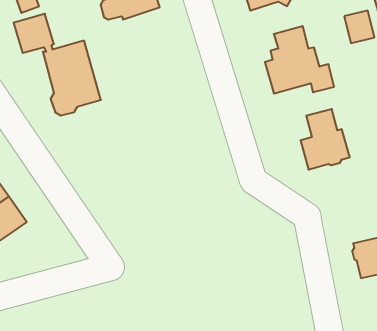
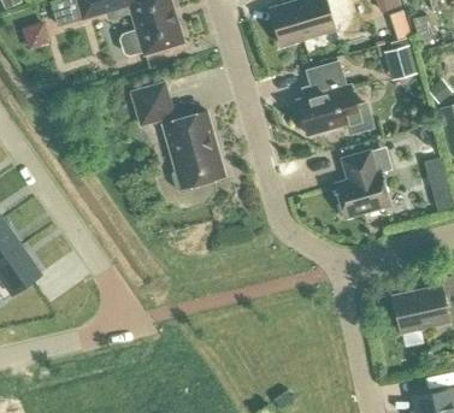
building: [14,14,101,116] -> [131,82,225,191]

